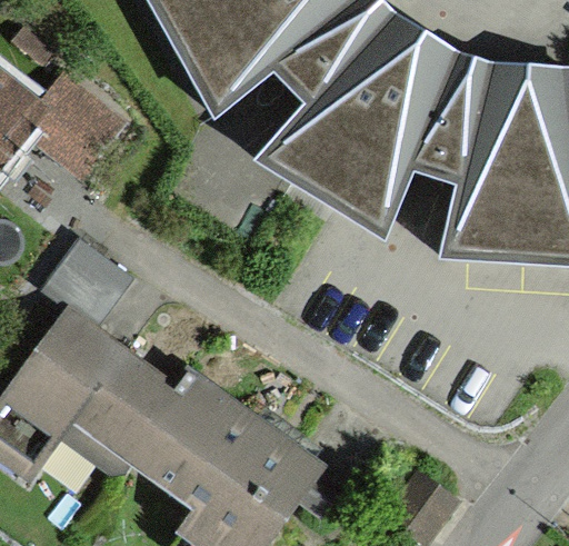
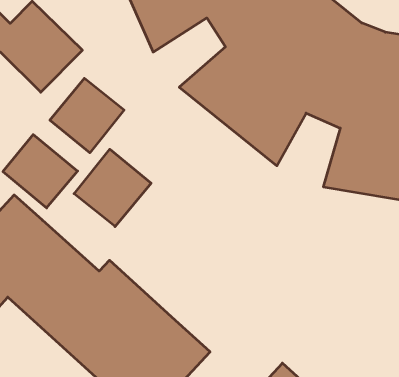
building: none -> [50,78,124,153]
building: none -> [74,149,151,227]

